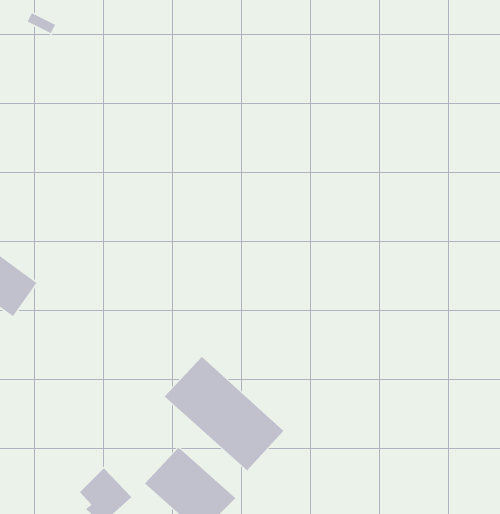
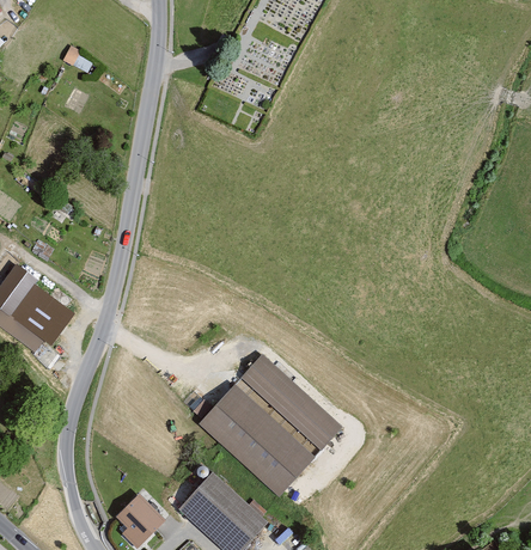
building: none -> [240,353,342,450]

